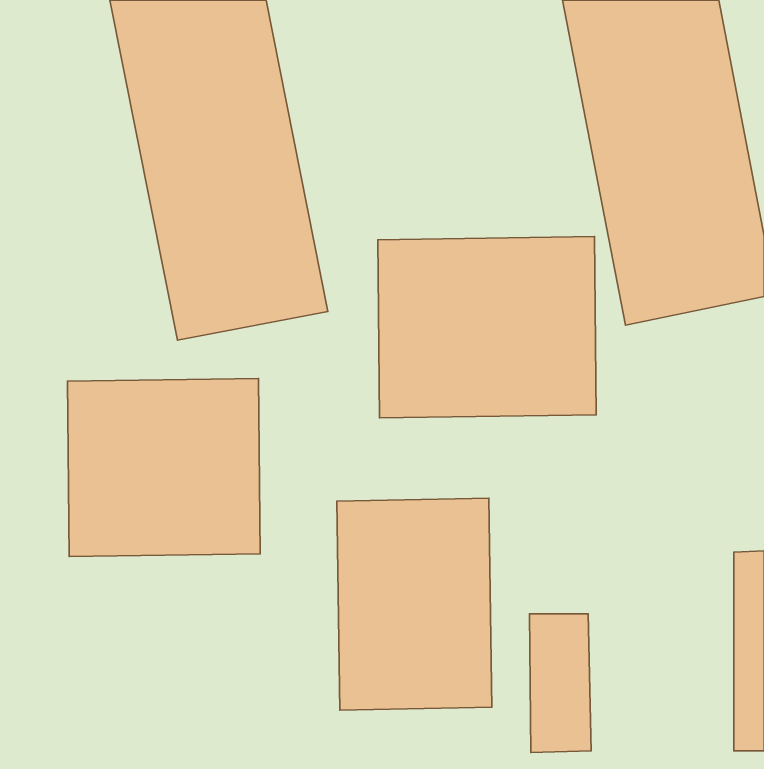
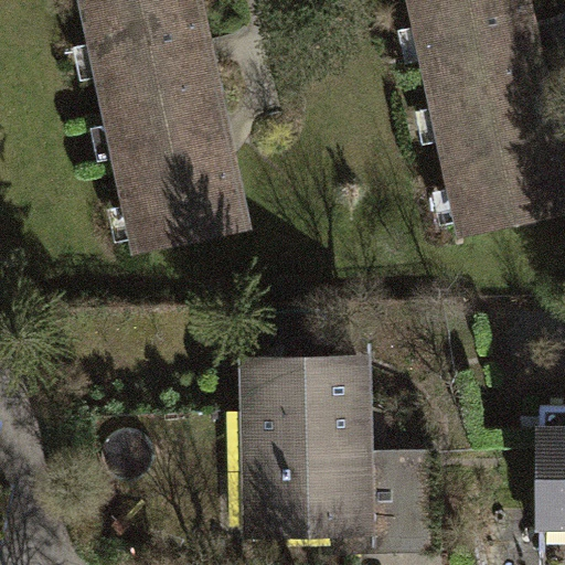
building: [378,237,596,418] -> none
building: [67,379,260,557] -> none

